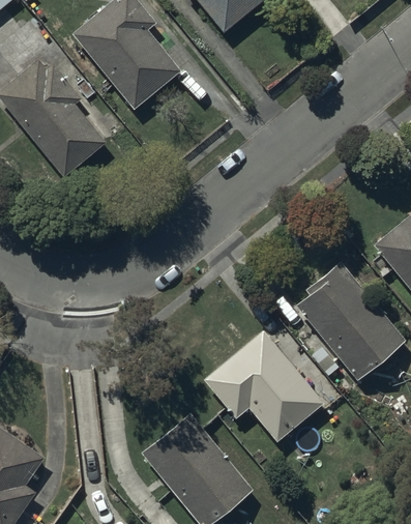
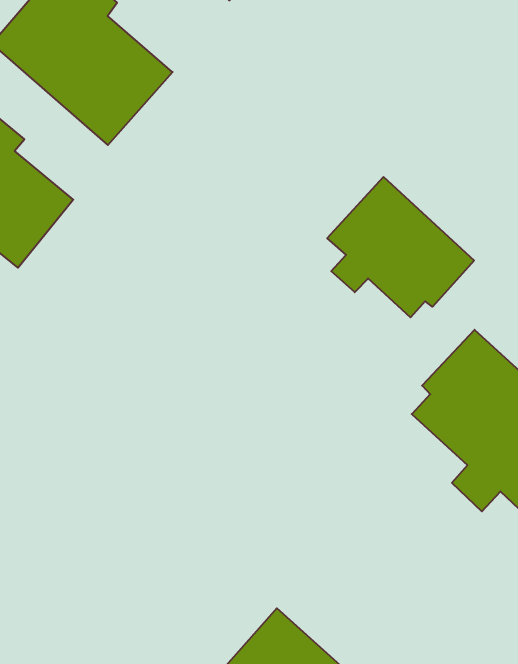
building: none -> [327,177,474,317]
building: [204,331,323,442] -> none

